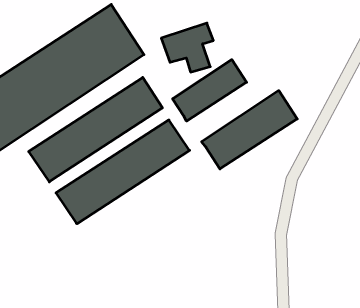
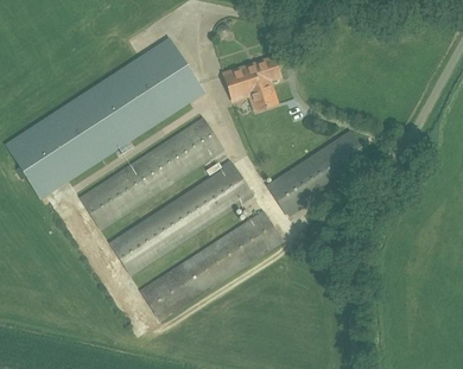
building: [173,60,247,121] -> none
building: none -> [140,211,283,320]

